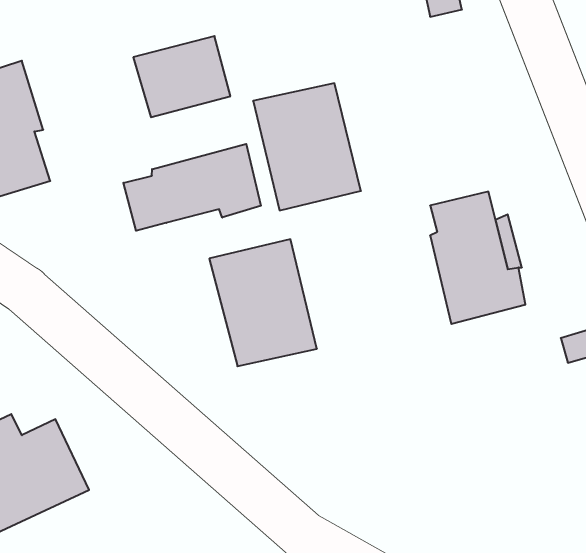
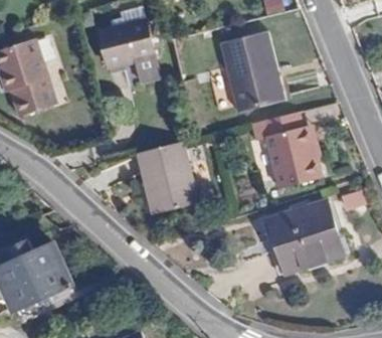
building: [253,83,361,210] -> [225,37,286,110]
building: [123,144,261,231] -> none
building: none -> [267,200,342,273]

